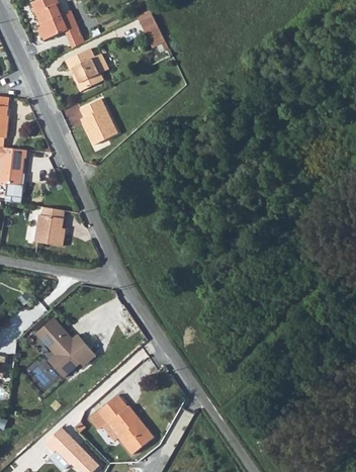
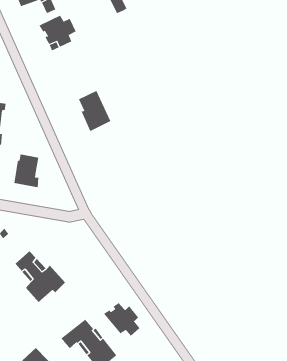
building: [80,97,117,145] -> [78,90,111,132]
building: none -> [103,302,140,336]

